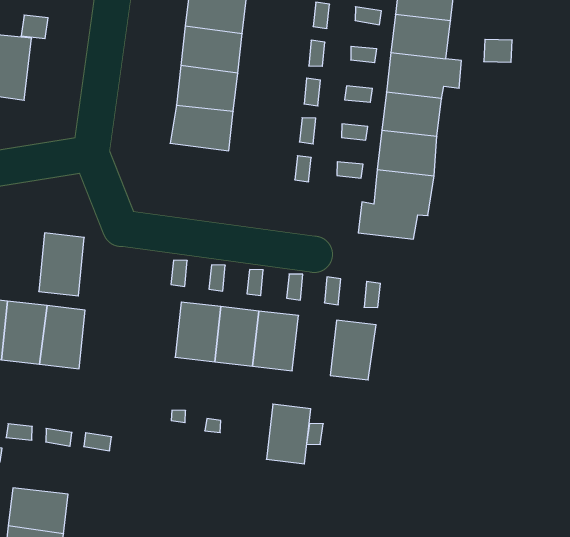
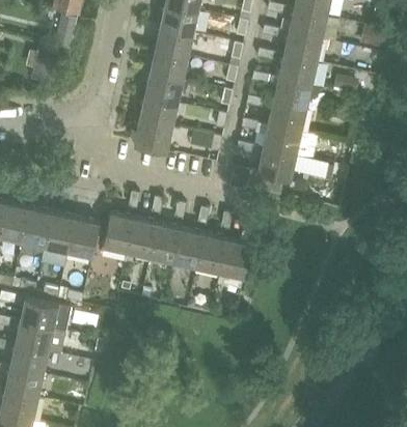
building: none -> [132,121,172,152]
building: [39,233,84,296] -> [67,218,99,258]
building: none -> [102,212,134,252]
building: [266,404,311,464] -> [197,234,227,273]
building: none -> [20,297,58,329]

